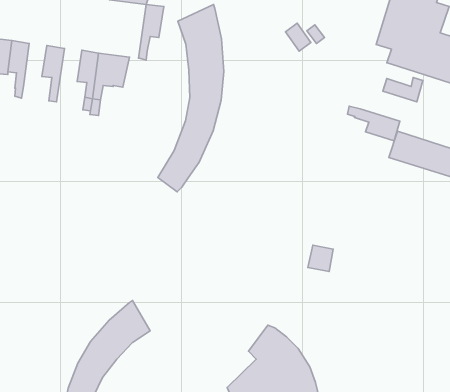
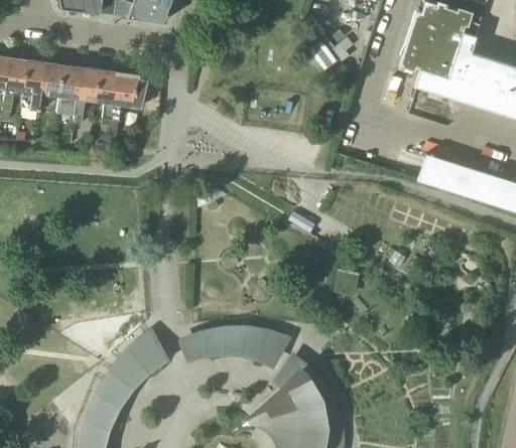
building: [138,5,164,60] -> [72,67,98,125]
building: [158,5,224,192] -> none
building: none -> [37,62,61,108]
building: [348,106,400,141] -> none
building: none -> [176,325,290,369]

